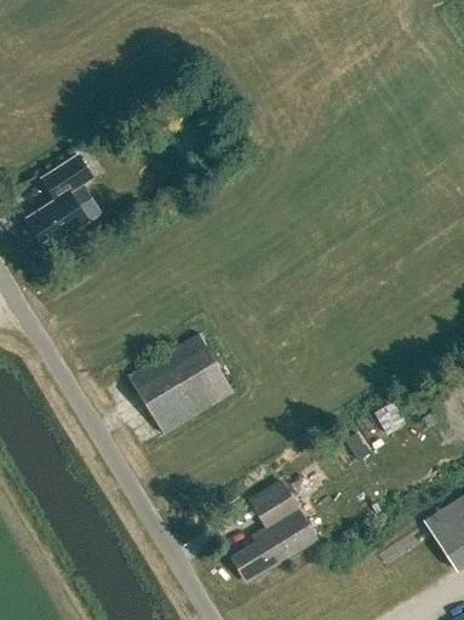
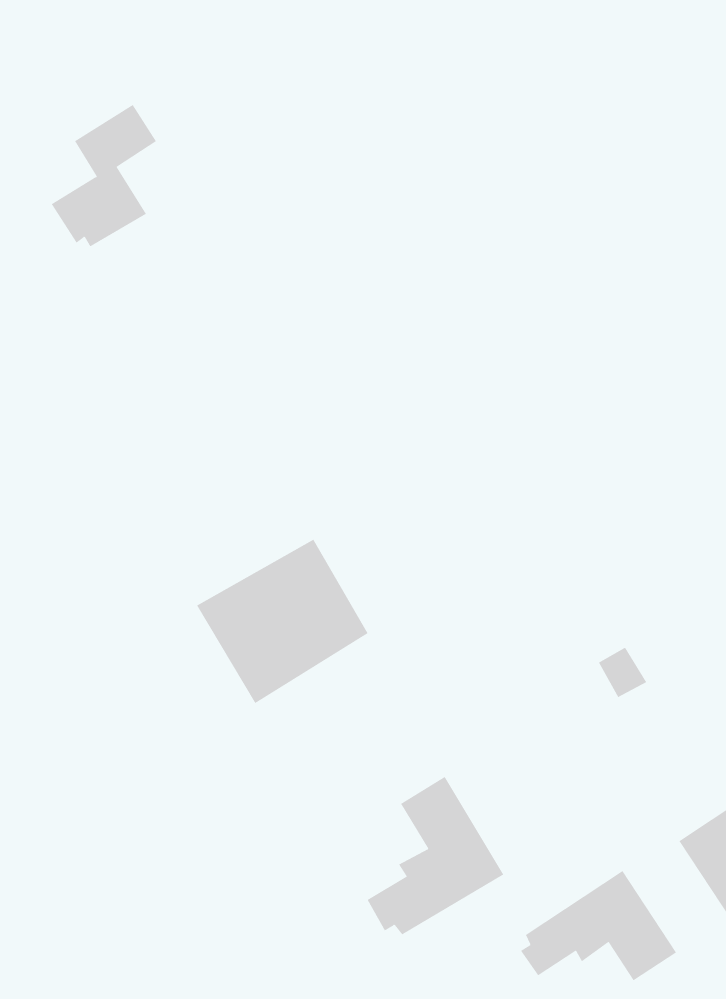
building: [28,155,93,243] -> [51,104,157,247]
building: none -> [520,870,677,981]

